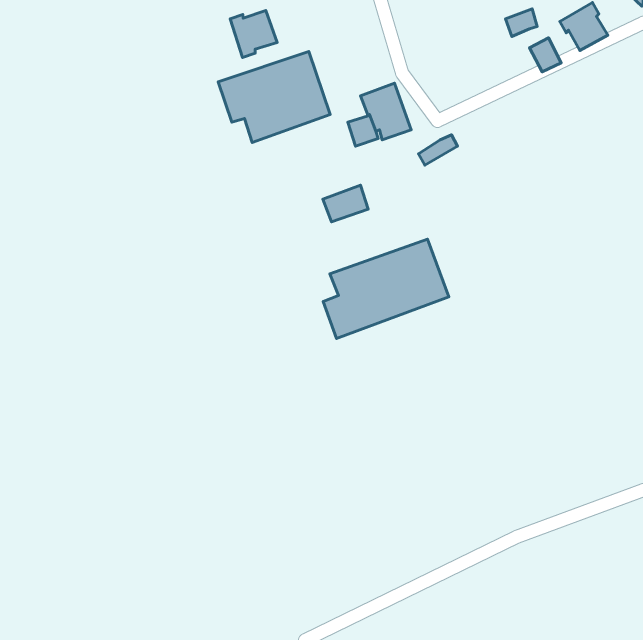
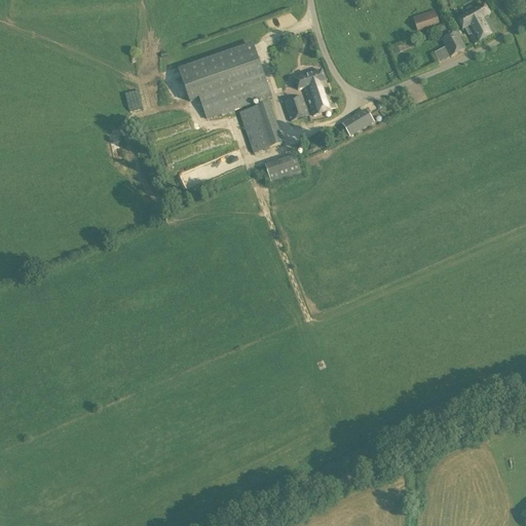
building: [230,11,277,57] -> none
building: none -> [238,100,283,151]
building: [323,239,449,338] -> none

